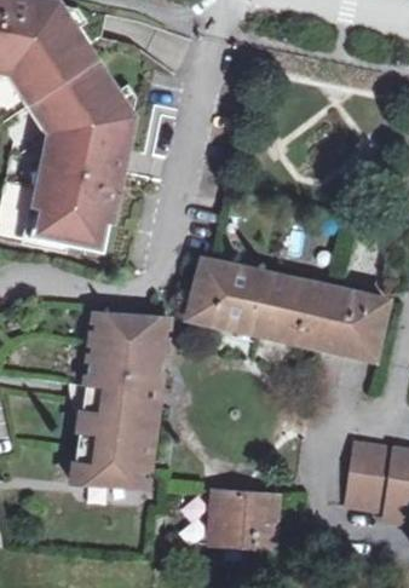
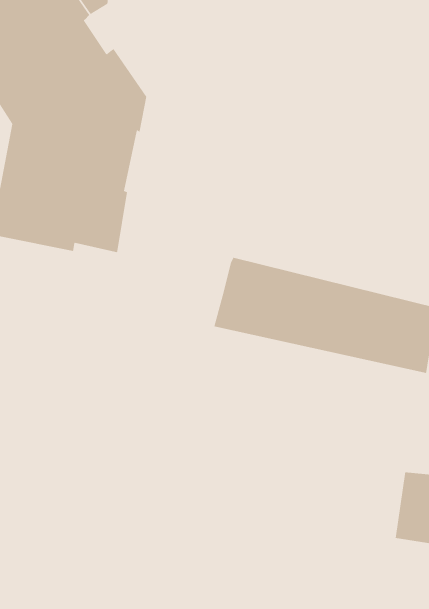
building: [73,312,171,484] -> none
building: [212,486,275,544] -> none

